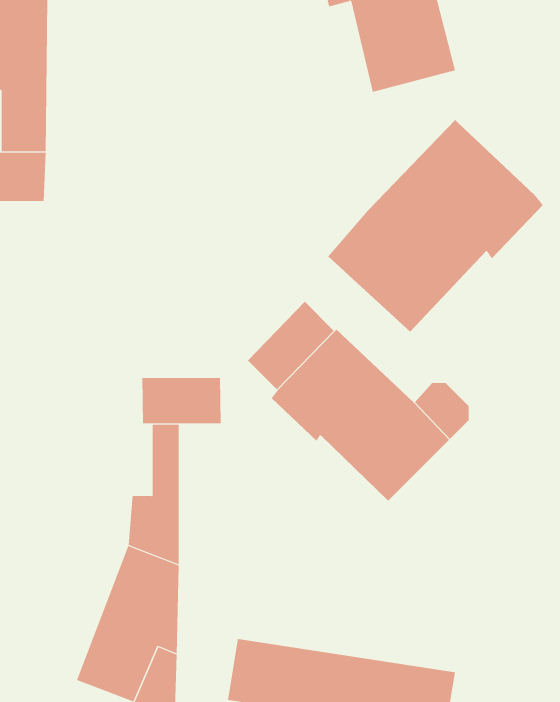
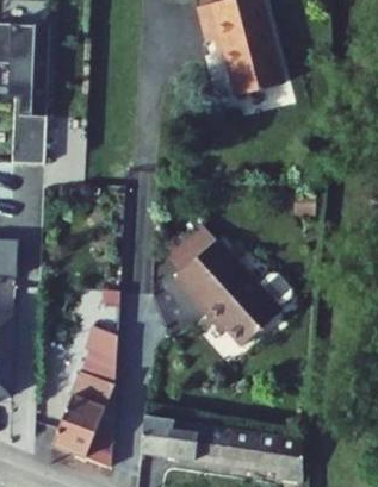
building: [327,119,544,333] -> none
building: [142,377,221,424] -> none

